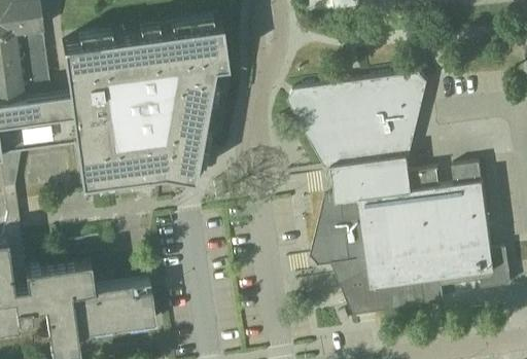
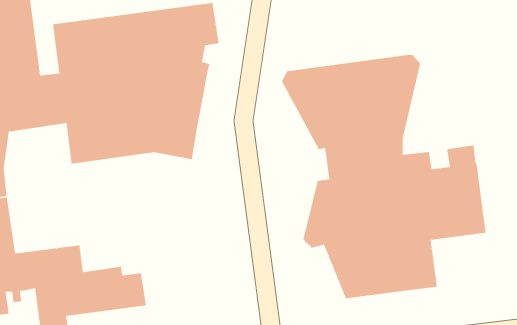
building: [436,248,510,289] -> none

